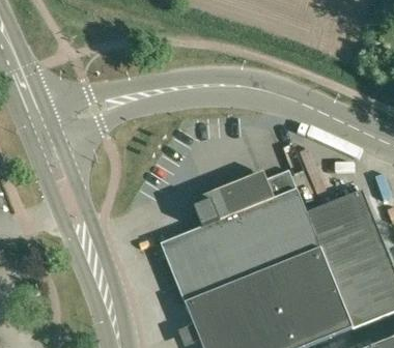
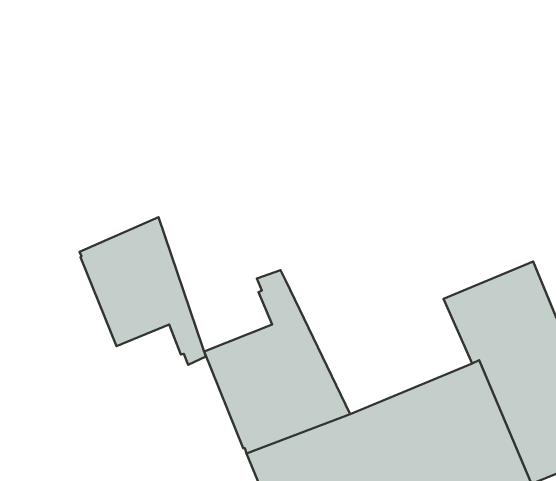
building: none -> [79,217,206,365]
building: [209,170,323,283] -> none

